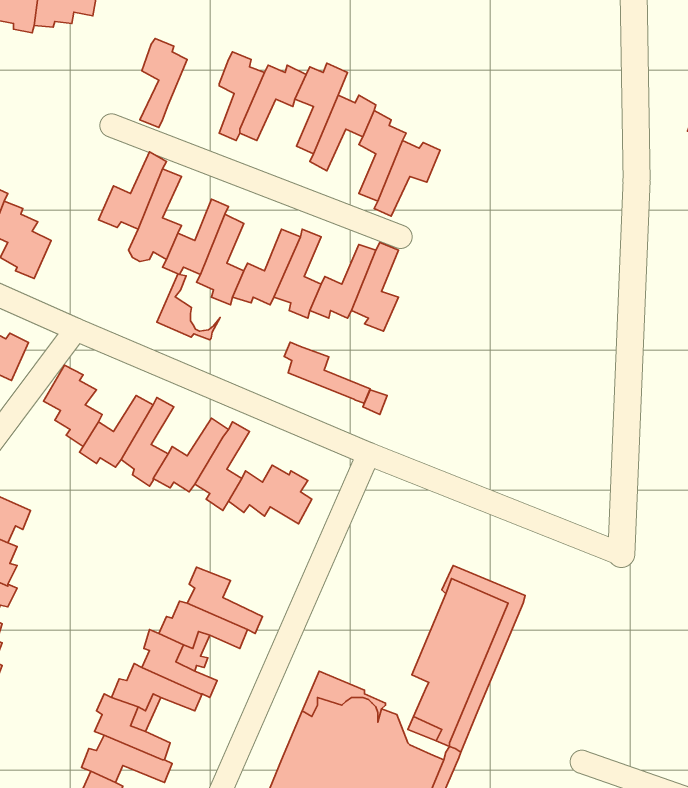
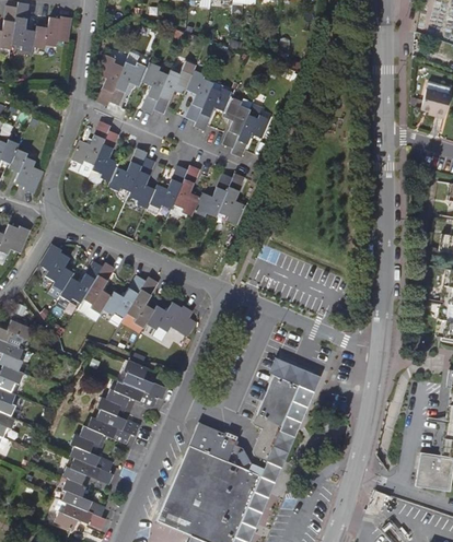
building: none -> [108,51,147,106]
building: [157,274,220,340] -> none
building: [284,342,370,403] -> none

